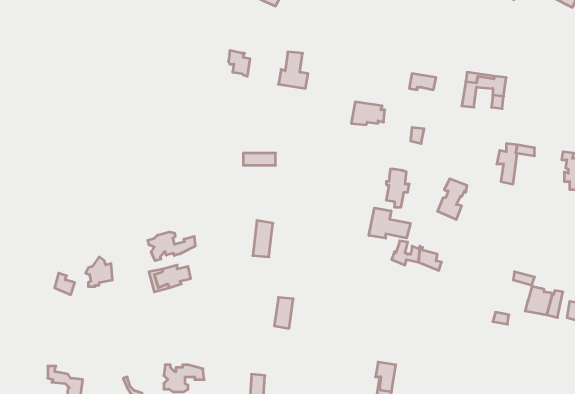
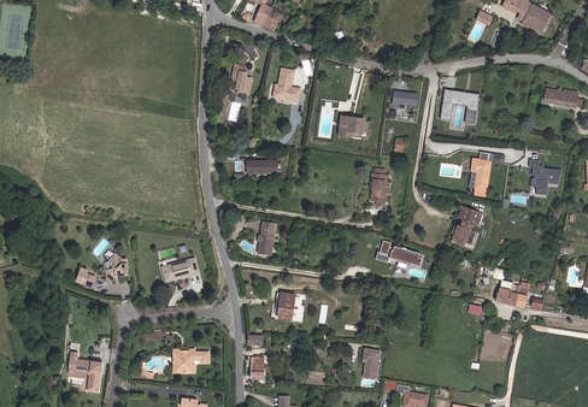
building: [437,179,467,219] -> [454,207,481,243]
building: [369,208,410,238] -> none
building: [148,232,195,261] -> none

